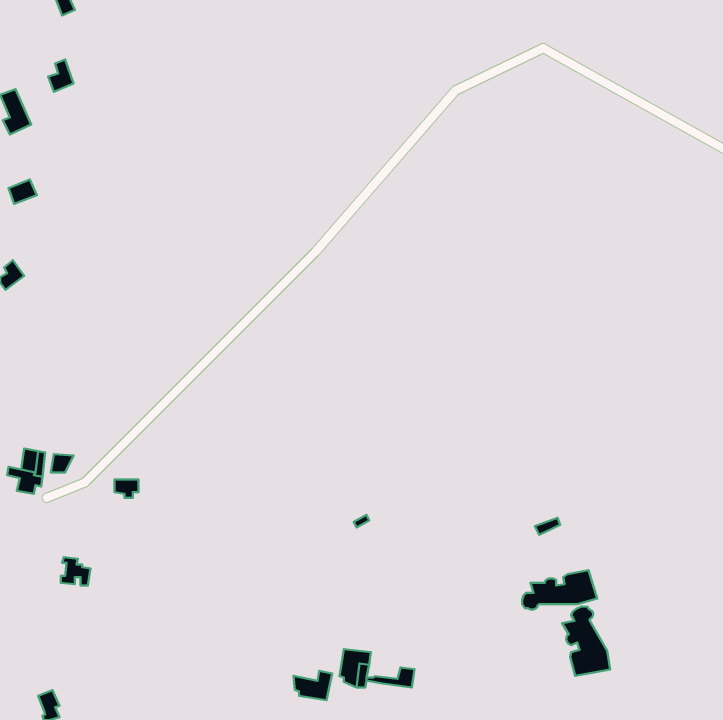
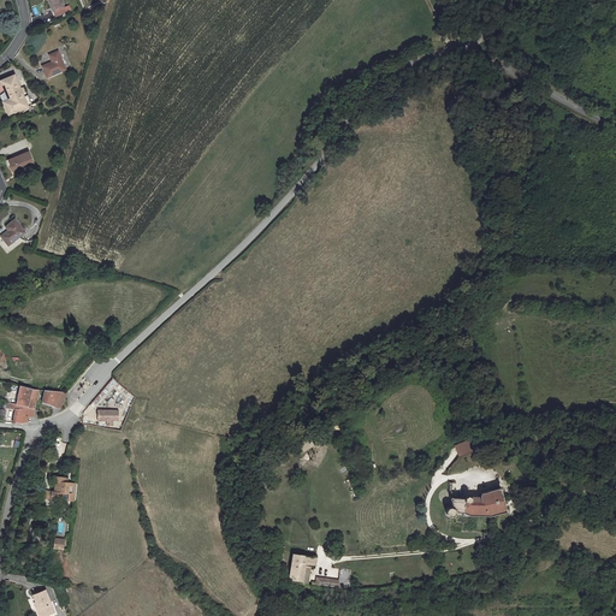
building: [562,607,610,676] -> none
building: [293,671,332,700] -> none

